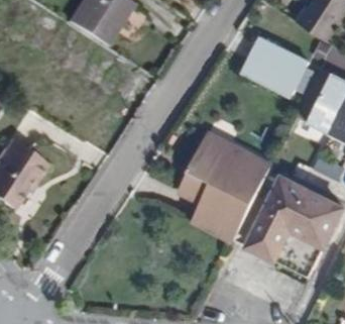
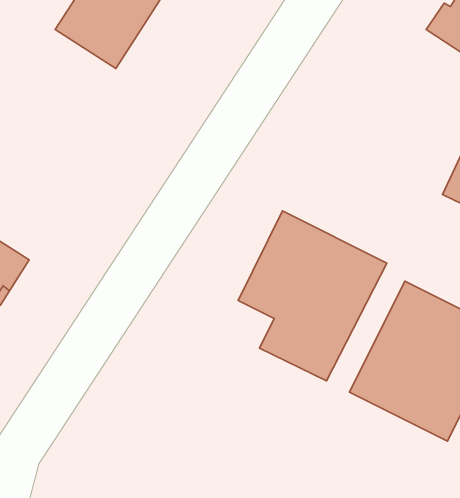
building: [243,35,309,94] -> none

